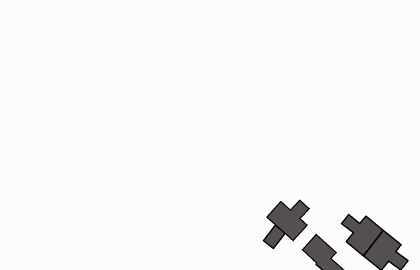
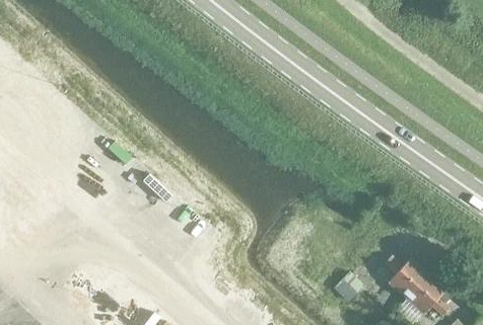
building: [267,200,309,241] -> none

